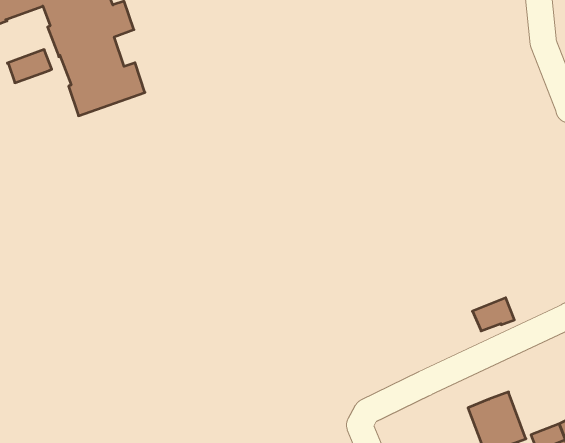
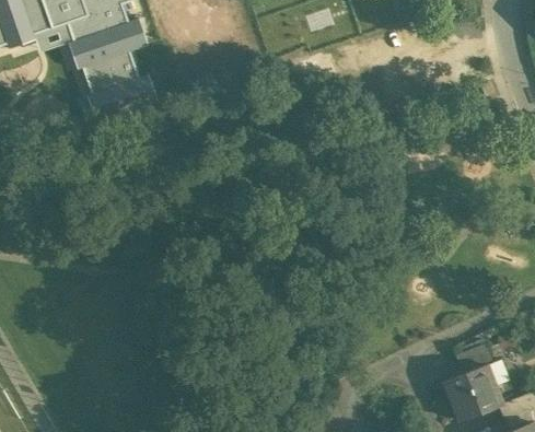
building: [7,50,52,83] -> [34,22,73,51]
building: [472,298,514,331] -> [455,341,492,371]

